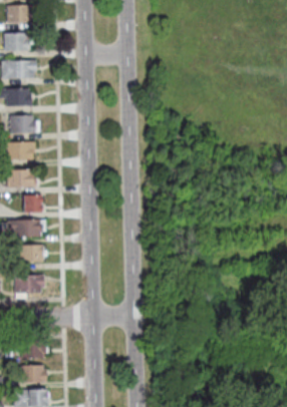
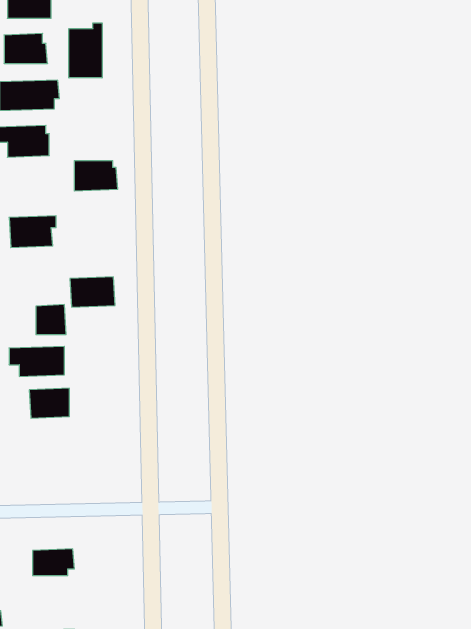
building: none -> [69,23,102,78]
building: [10,115,36,133] -> [74,161,118,191]
building: [6,169,33,187] -> [70,277,115,307]
building: [13,275,44,294] -> none
building: [21,365,46,383] -> none

